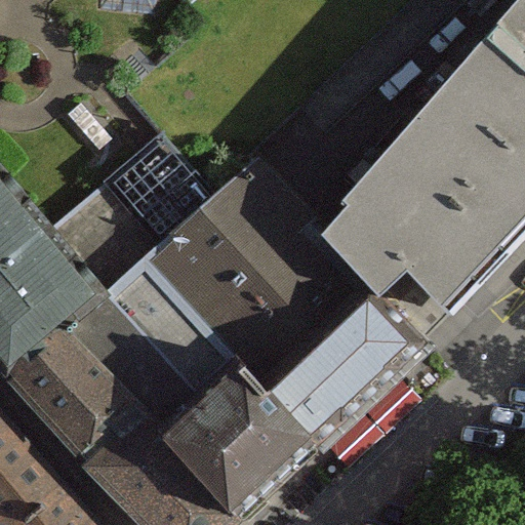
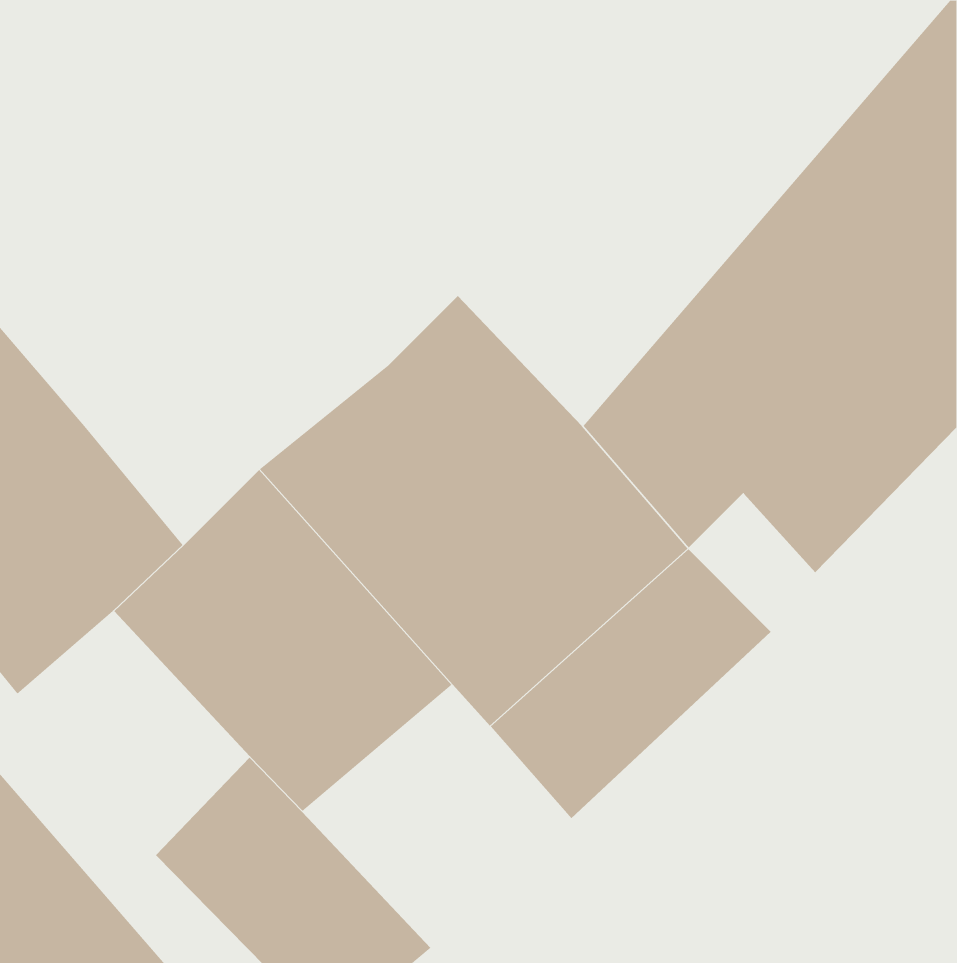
building: [46,138,210,297] -> none
building: [9,333,135,466] -> none
building: [164,373,310,516] -> none

